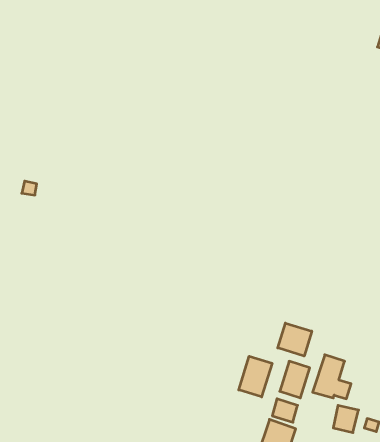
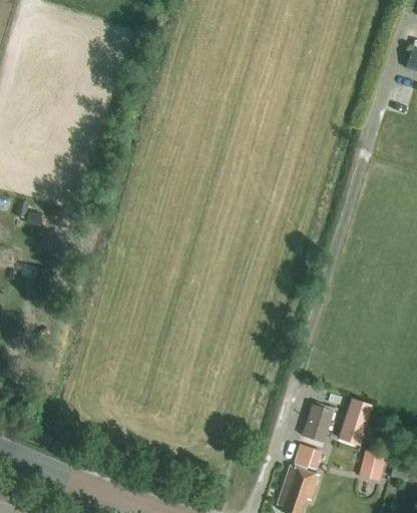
building: [278,323,312,356] -> none
building: [239,356,272,397] -> none

